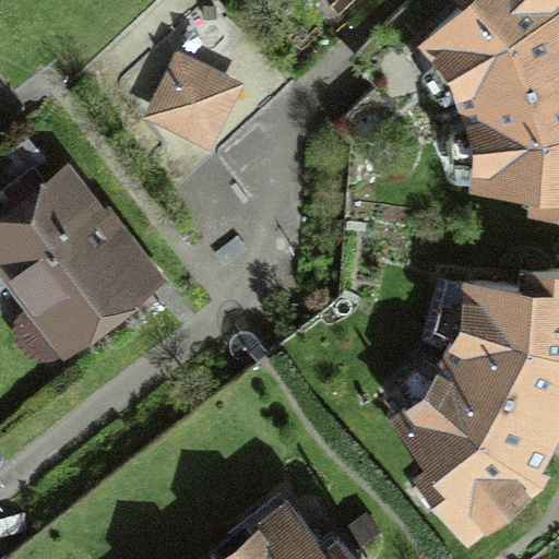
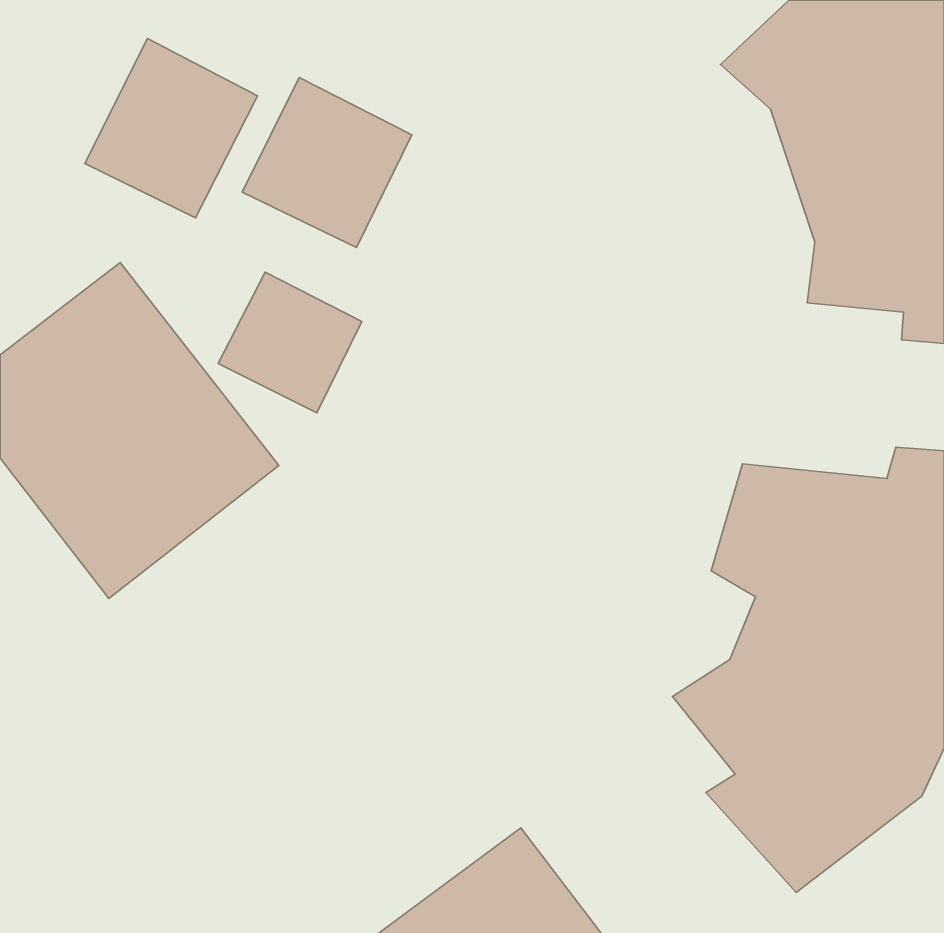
building: none -> [85,39,258,218]
building: none -> [218,272,362,413]

